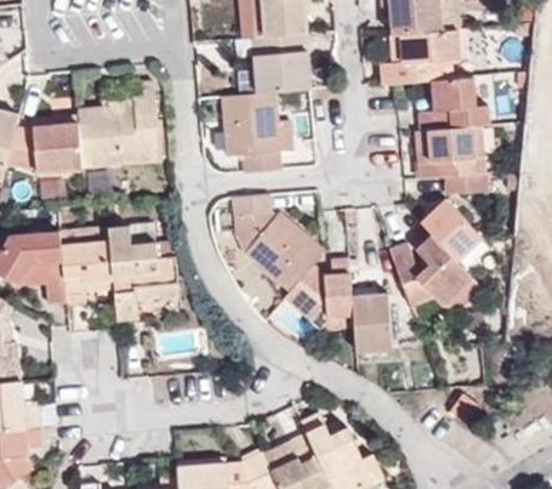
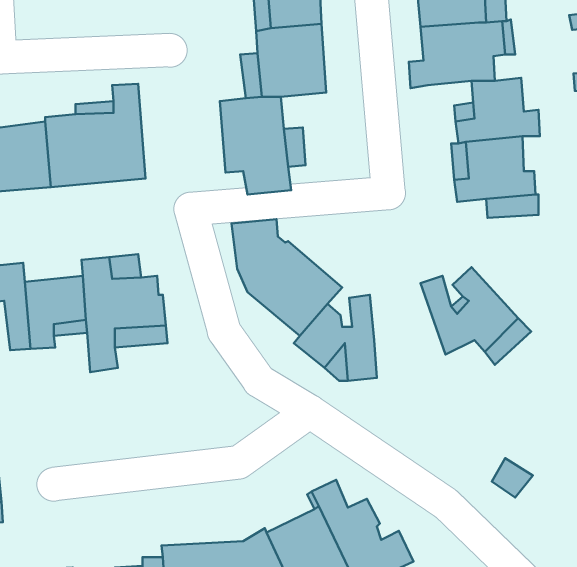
building: [420,198,482,262] -> none
building: [351,295,392,353] -> none

